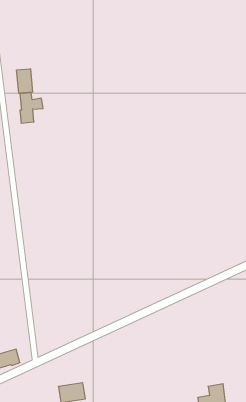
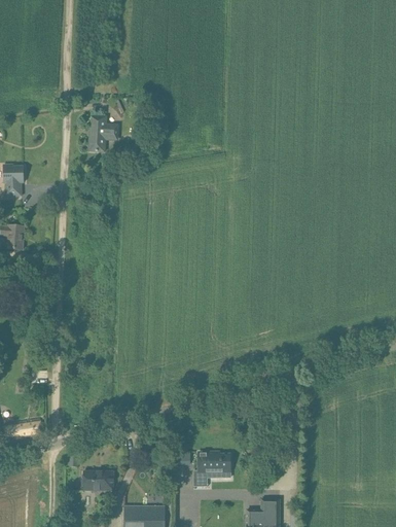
building: [17,69,33,93] -> none
building: none -> [199,451,230,478]

